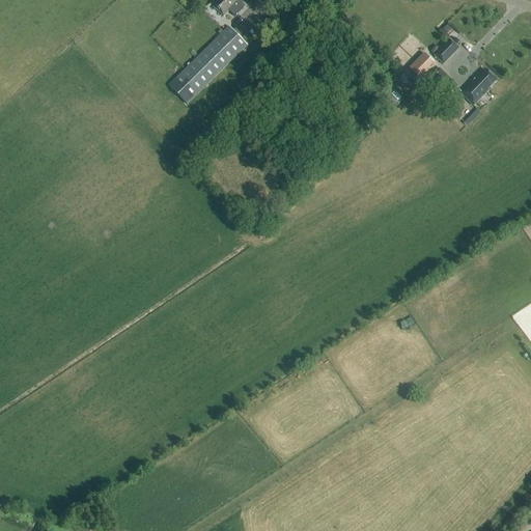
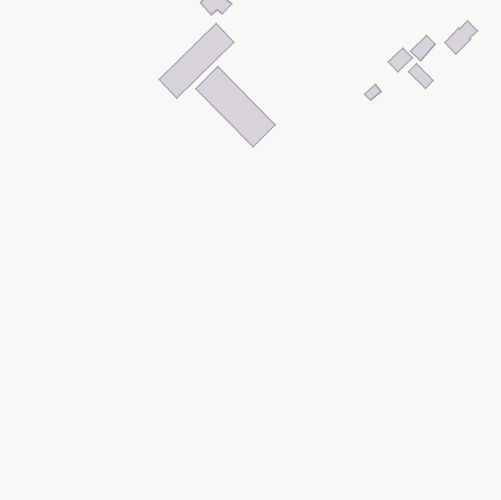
building: [463,69,497,105] -> [445,21,477,54]
building: none -> [196,67,275,147]

